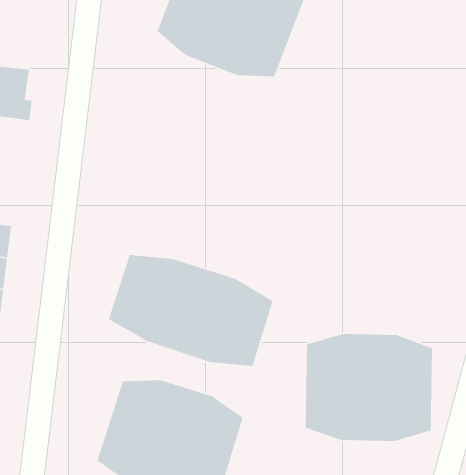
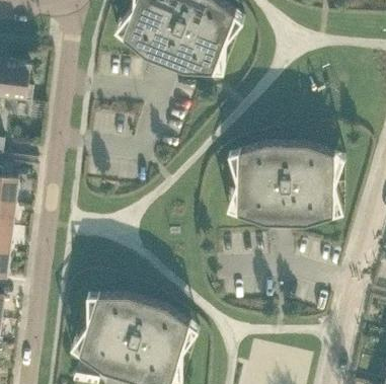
building: [108,254,273,367] -> none
building: [305,333,433,442] -> [238,142,333,223]

